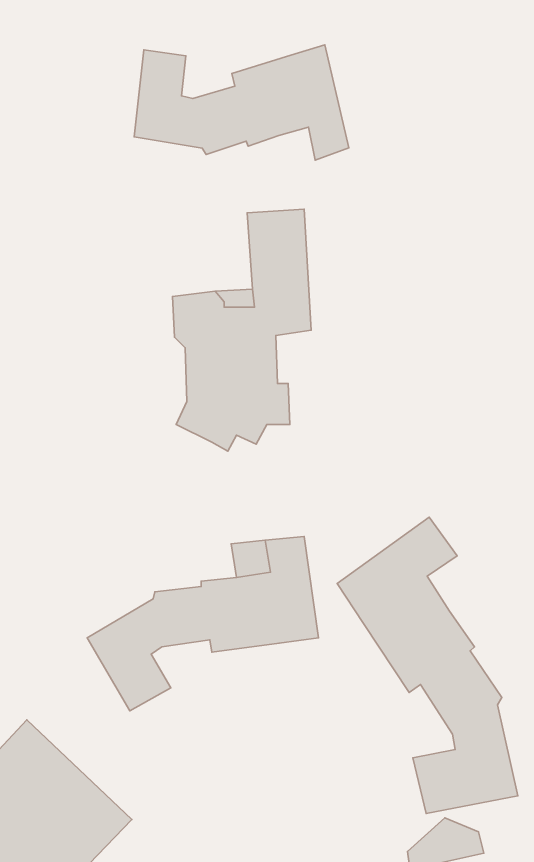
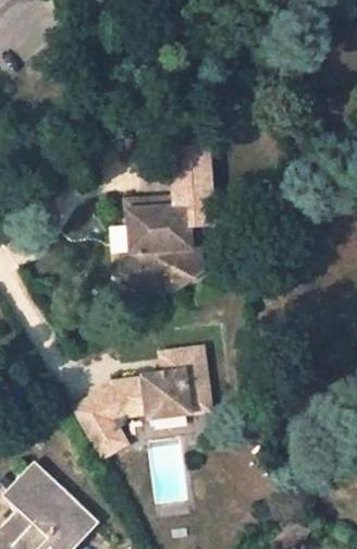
building: [134,45,349,160] -> none
building: [337,517,518,814] -> none

